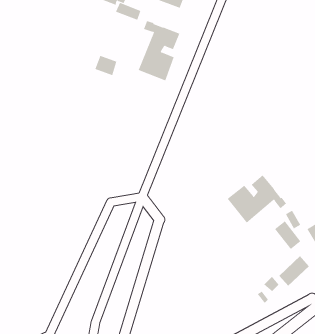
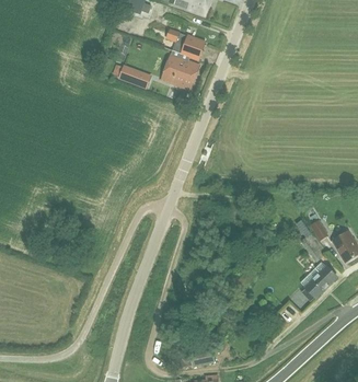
building: [227,174,287,223] -> none

